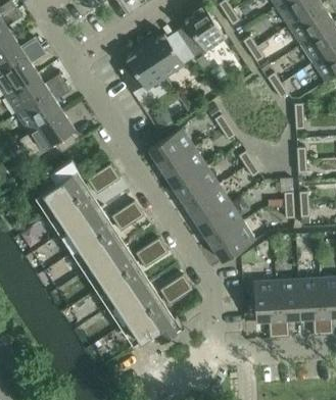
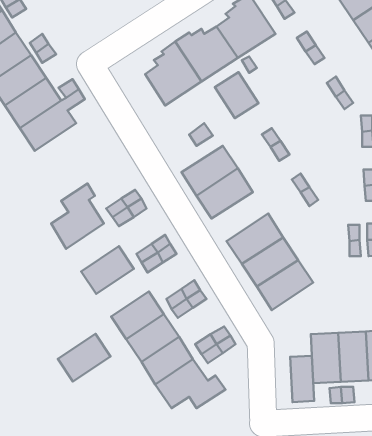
building: none -> [215,72,259,118]
building: [29,110,75,165] -> none
building: [173,166,219,206] -> none
building: [54,192,97,231] -> none
building: [79,229,122,267] -> [58,334,111,382]
building: none -> [290,356,314,402]

